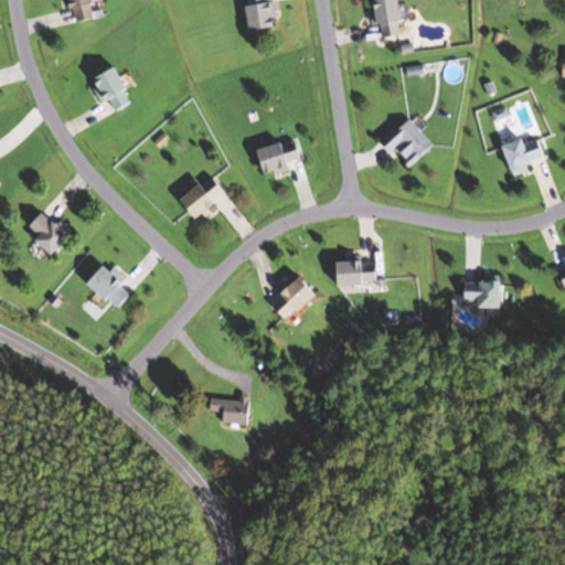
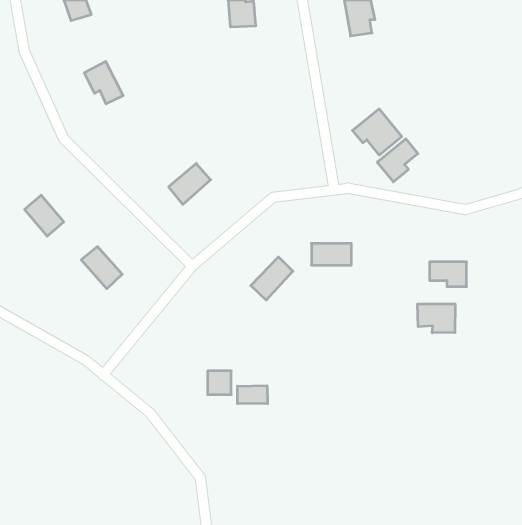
building: [254,139,300,178] -> none
building: [501,139,545,173] -> none
building: none -> [377,139,418,182]
building: none -> [418,304,455,333]
building: none -> [237,386,268,404]

